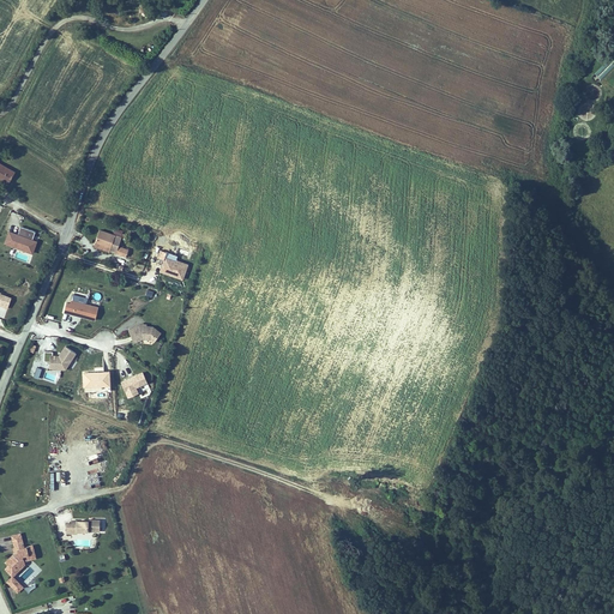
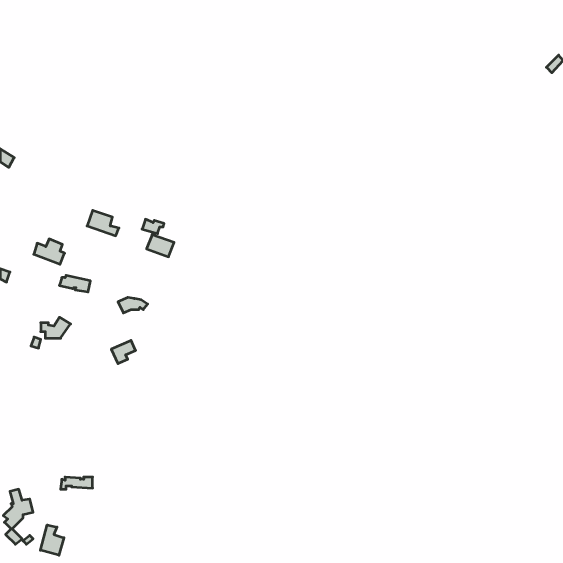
building: [5,225,38,253] -> [34,239,65,264]
building: [84,371,112,392] -> none
building: none -> [40,525,64,555]

